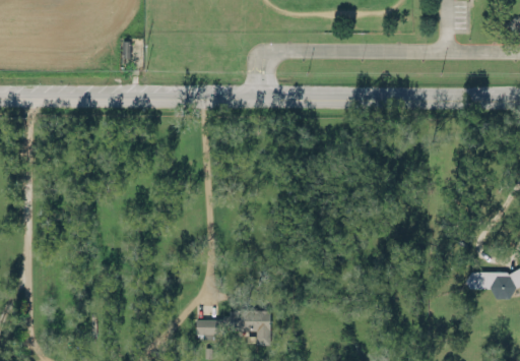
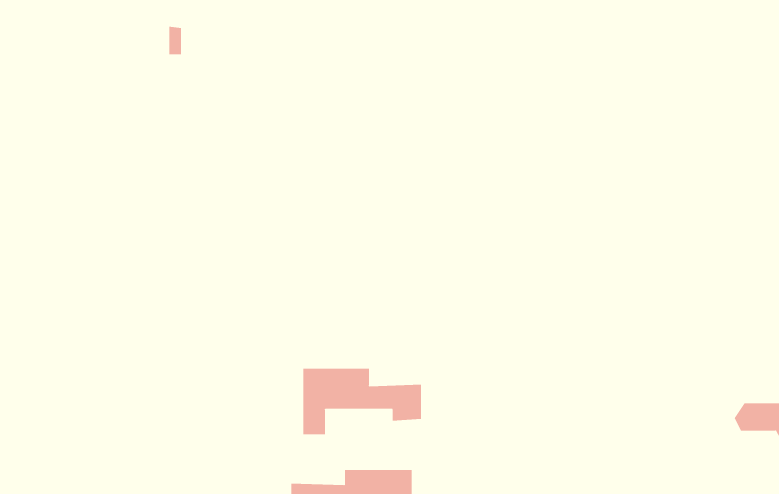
building: none -> [303,368,421,435]

